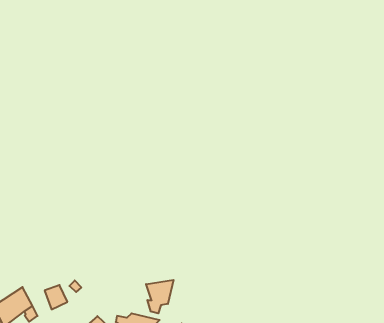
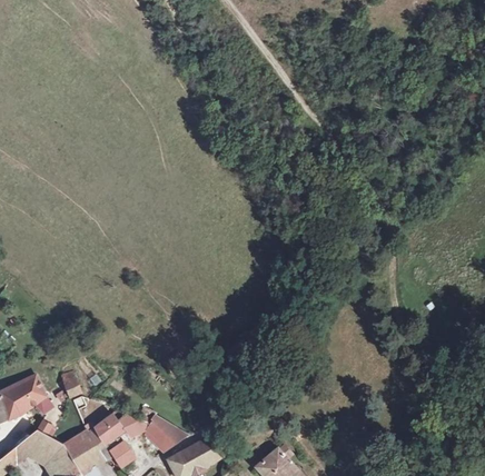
building: [146,280,174,313] -> none

